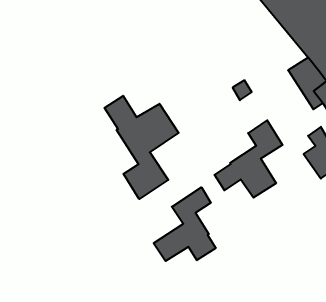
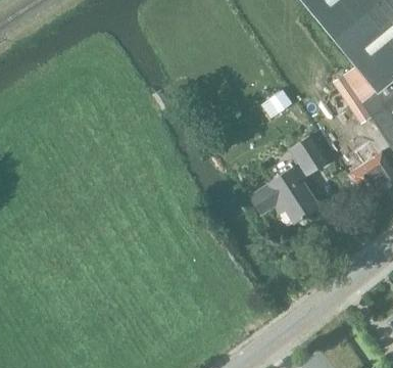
building: [105,96,179,199] -> none
building: [154,187,216,261] -> none

